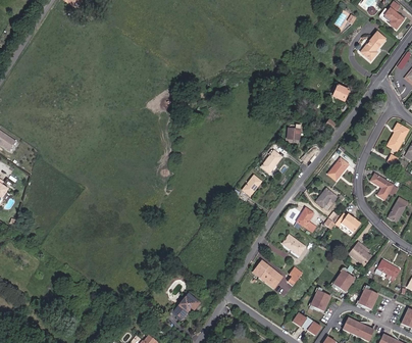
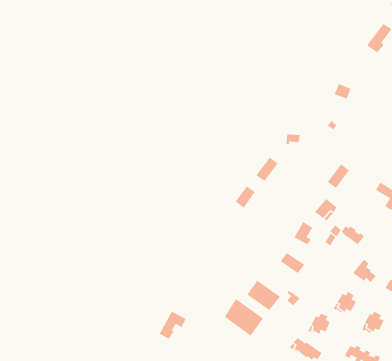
building: none -> [224,298,264,336]

